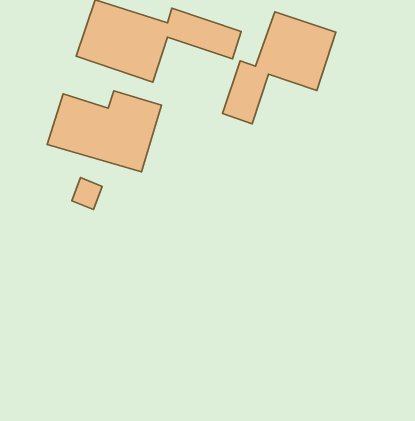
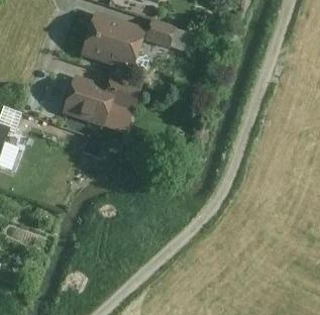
building: [223,12,336,124] -> none

